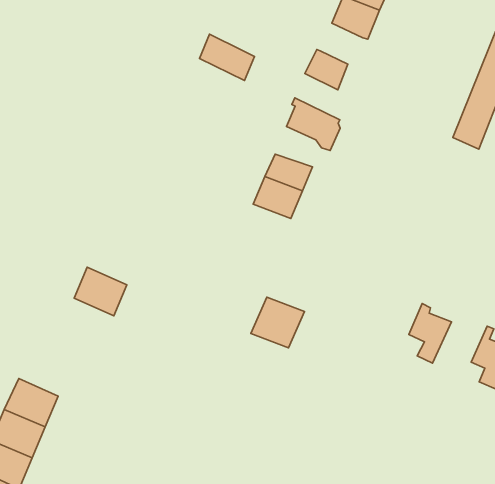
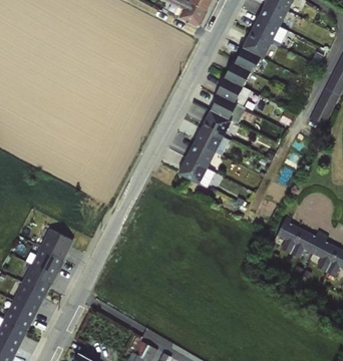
building: none -> [234,47,260,73]
building: [199,34,254,81] -> [217,76,250,105]
building: none -> [203,107,231,132]
building: [74,267,127,316] -> [40,230,72,260]
building: [251,297,305,348] -> [177,152,210,184]
building: none -> [289,231,323,260]

